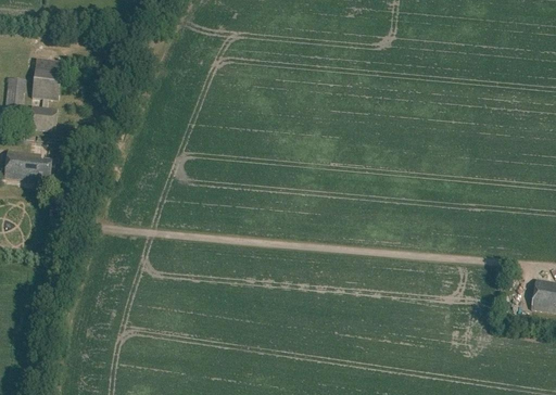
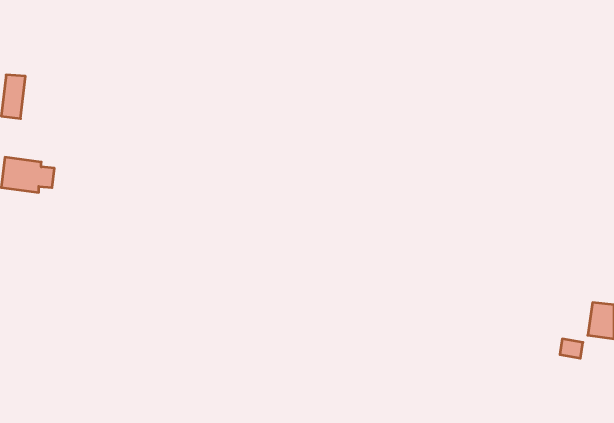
building: [29,68,61,129] -> none

